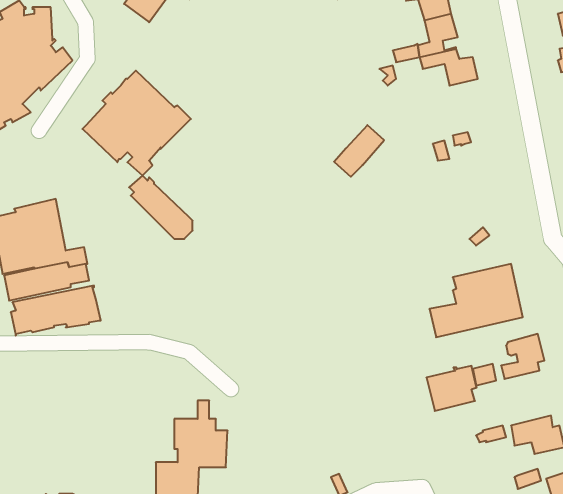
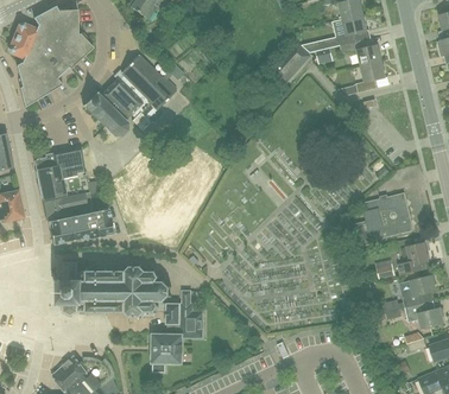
building: none -> [356,61,385,93]
building: [334,125,384,177] -> [273,45,309,82]
building: [129,176,193,239] -> [82,90,127,135]
building: none -> [58,260,171,318]
building: [426,366,477,411] -> [399,275,435,307]

